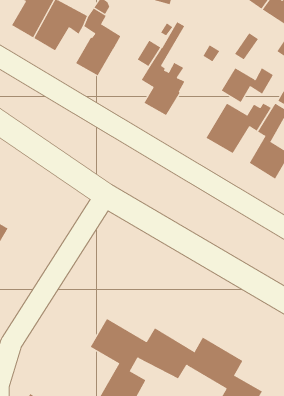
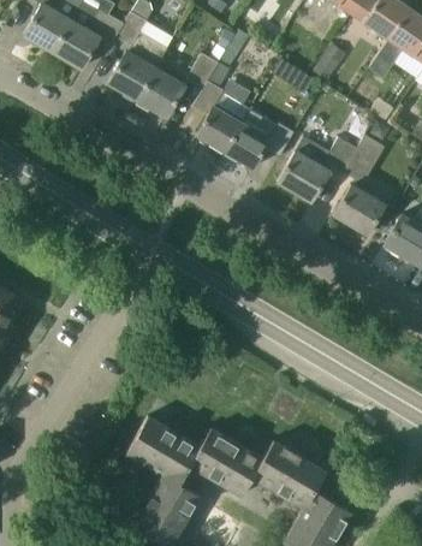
building: none -> [137,66,186,118]
building: [221,68,274,103] -> [226,123,295,168]

